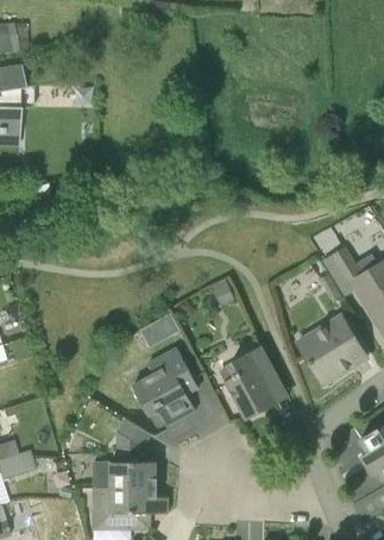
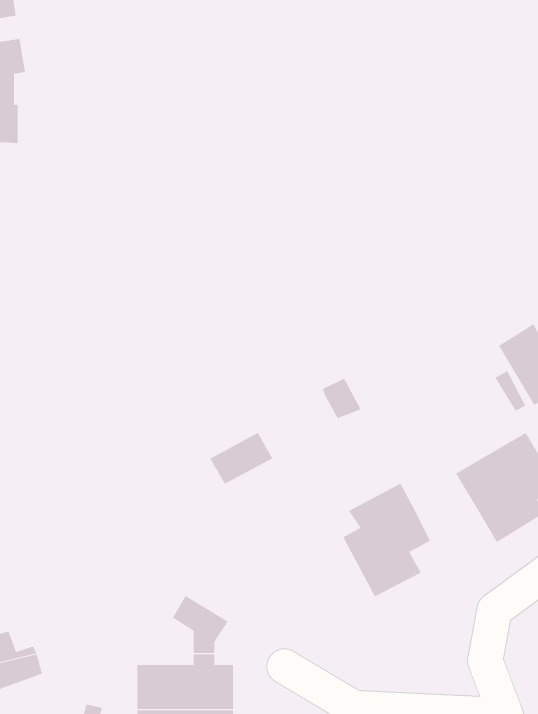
building: [131,347,196,429] -> none

